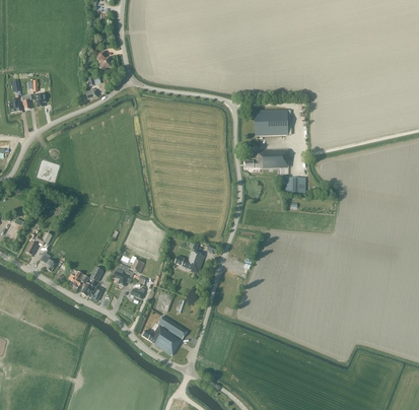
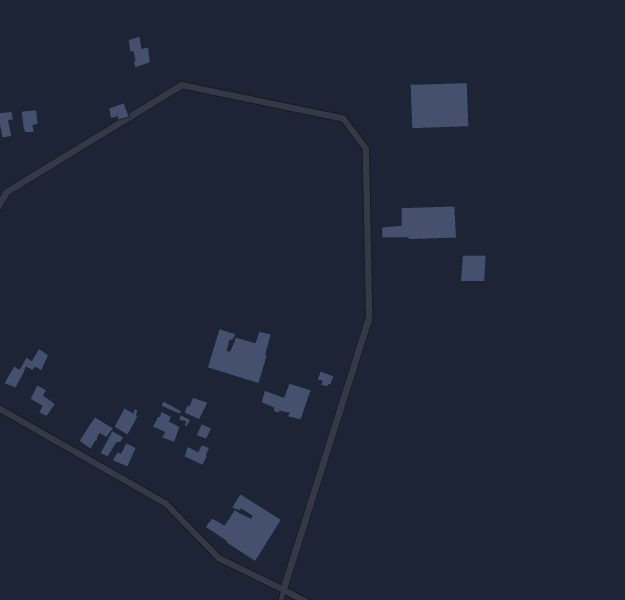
building: [254,109,288,135] -> [410,83,469,128]
building: none -> [207,328,271,384]

